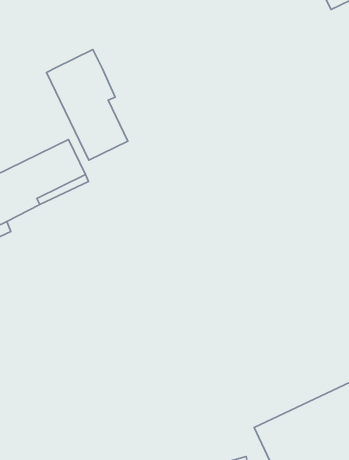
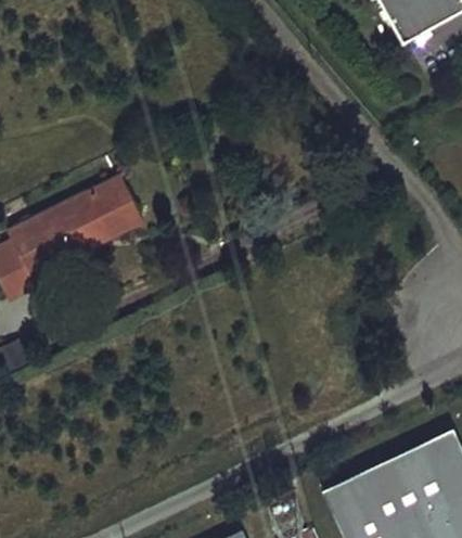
building: [46,50,128,160] -> none

